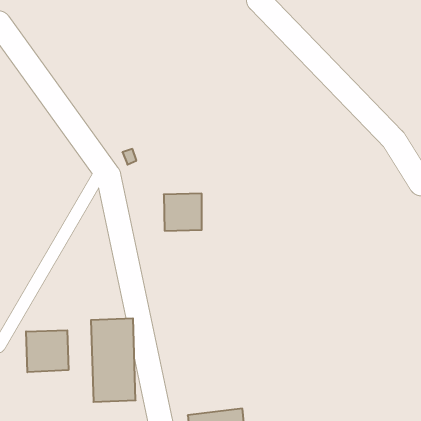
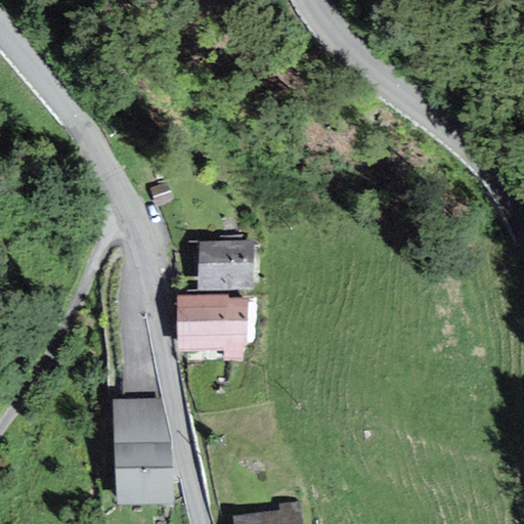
building: none -> [178,294,252,359]
building: [26,330,68,372] -> none

